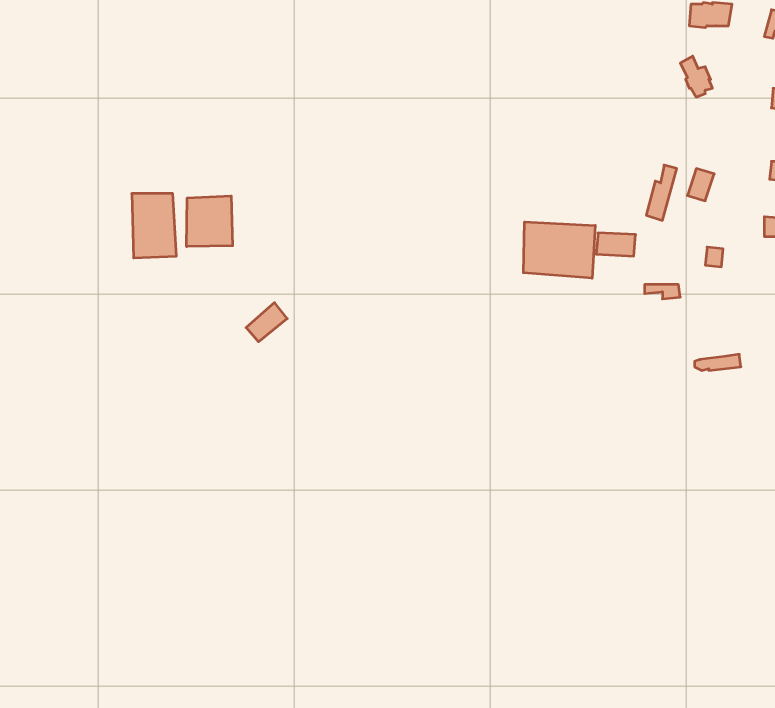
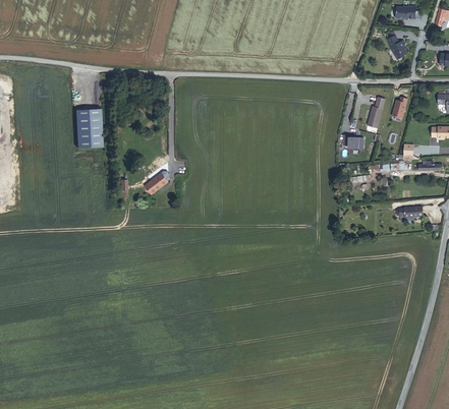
building: [187,196,233,247] -> none
building: [523,222,595,278] -> none

